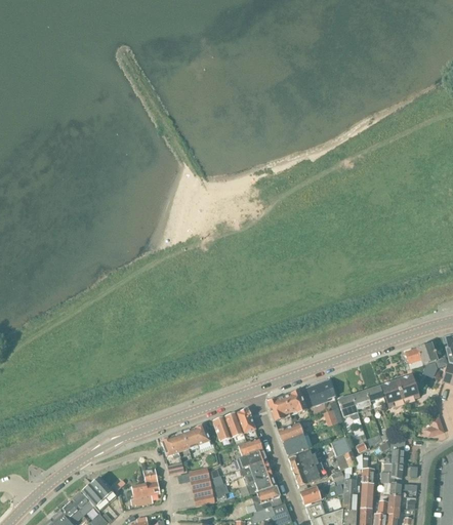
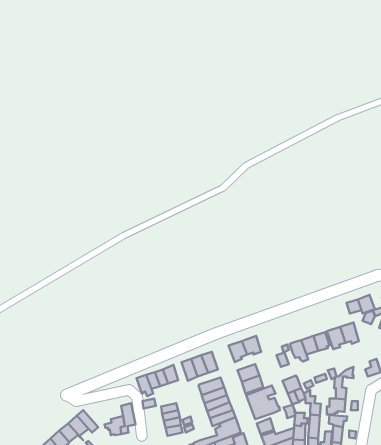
building: [306,381,335,405] -> none

